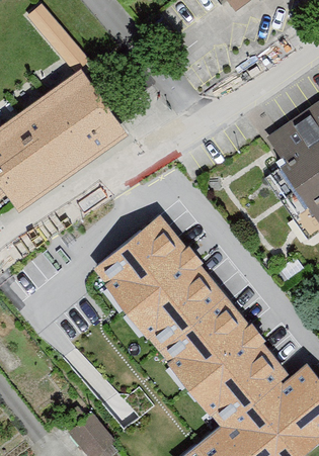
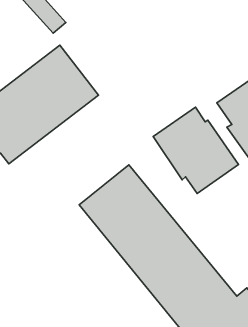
building: none -> [153,107,238,193]

